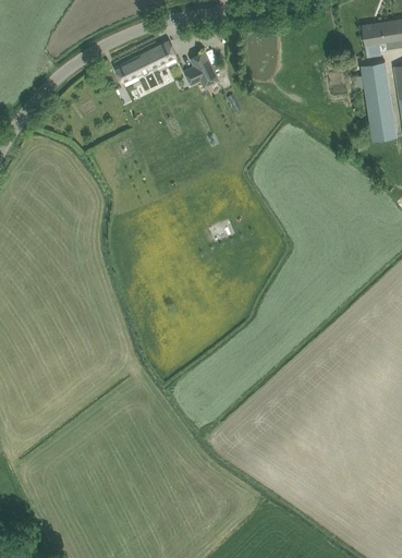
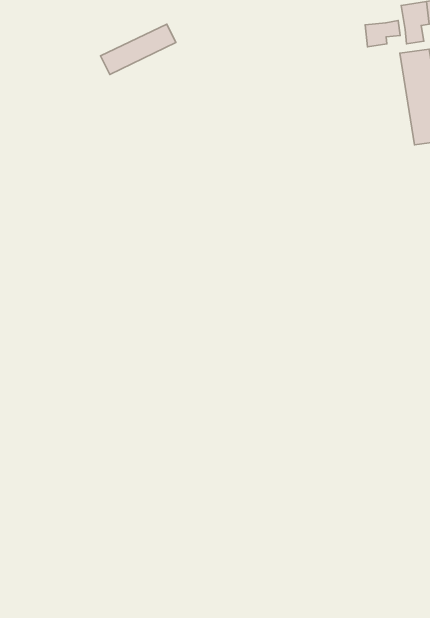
building: none -> [365,20,400,47]
building: [183,51,219,89] -> none

